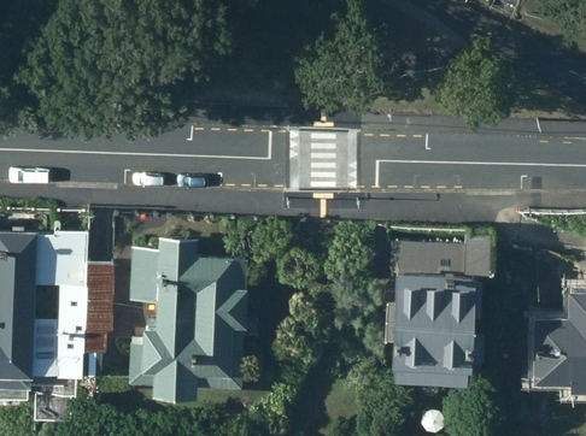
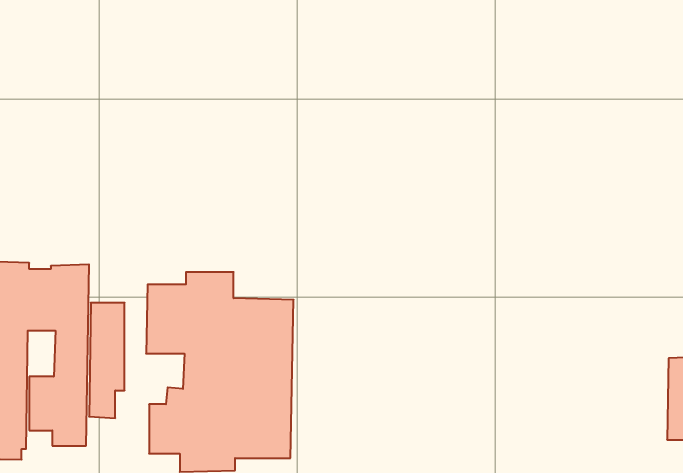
building: [388,229,498,367] -> none

